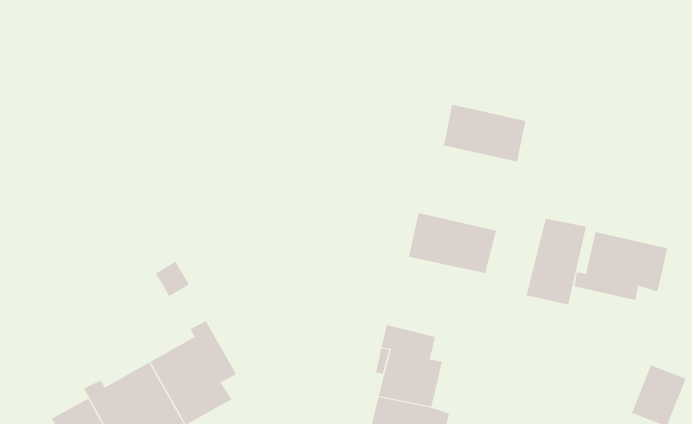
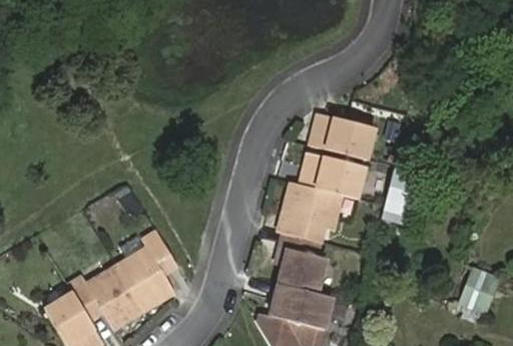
building: [443,104,526,162] -> [313,121,373,163]
building: [574,231,668,301] -> none
building: none -> [279,187,342,248]

